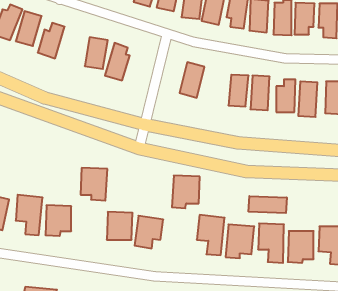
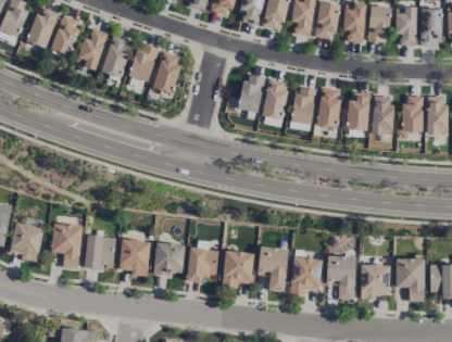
building: none -> [102,35,131,77]
building: none -> [264,79,288,118]
building: [81,168,107,201] -> [121,239,151,276]
building: [172,176,200,208] -> [223,251,254,288]
building: [249,196,287,213] -> none

